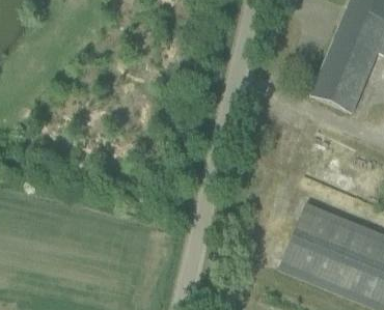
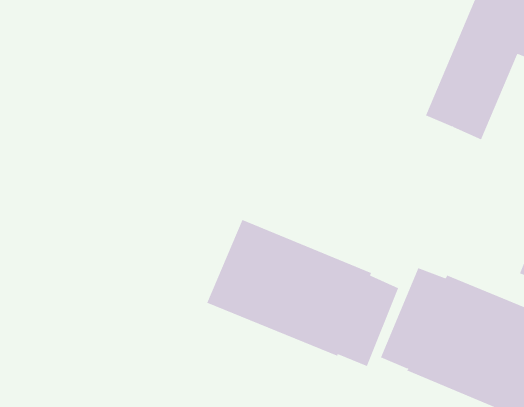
building: none -> [207,219,399,367]

